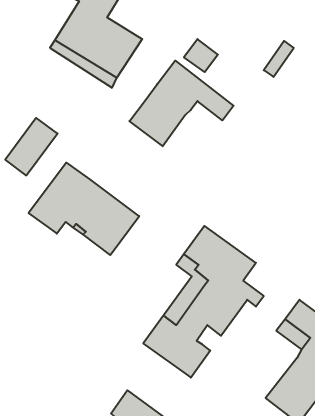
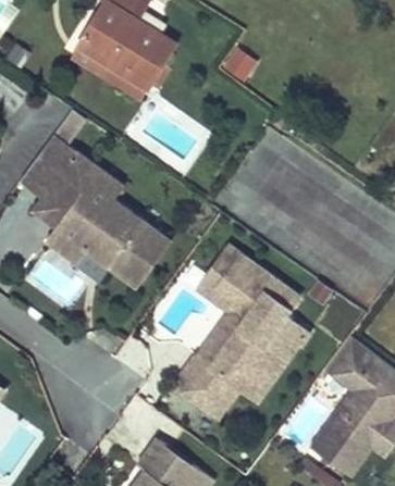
building: [129,61,234,146] -> none
building: none -> [32,150,124,226]
building: none -> [233,336,299,399]

